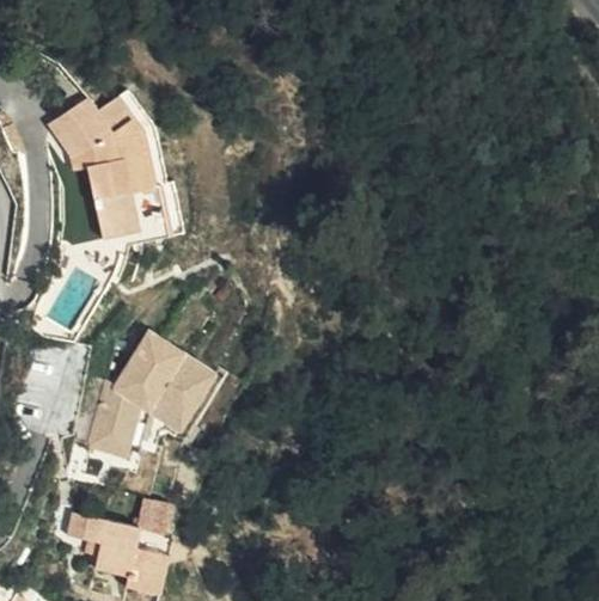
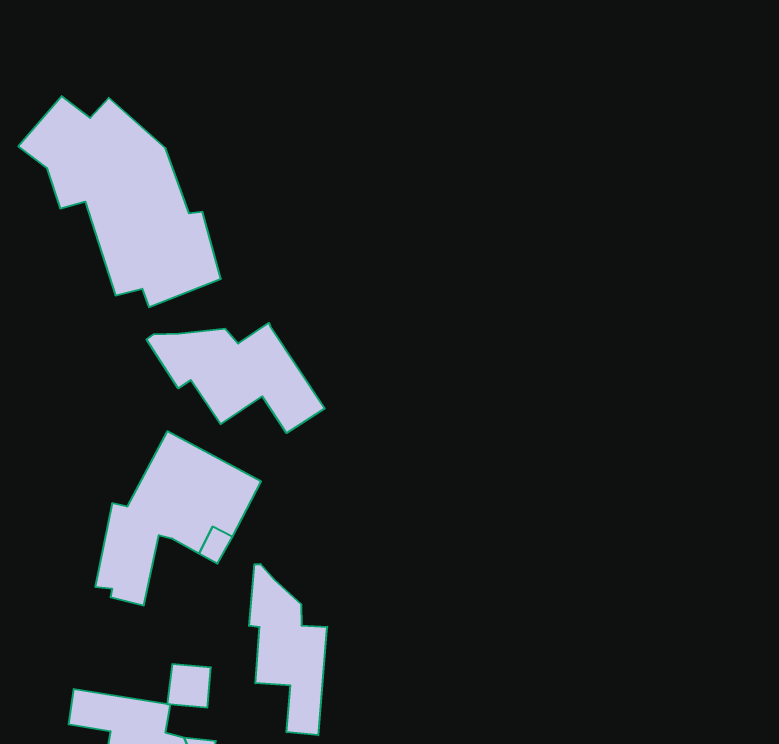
building: none -> [147,323,325,433]
building: none -> [249,564,327,735]

